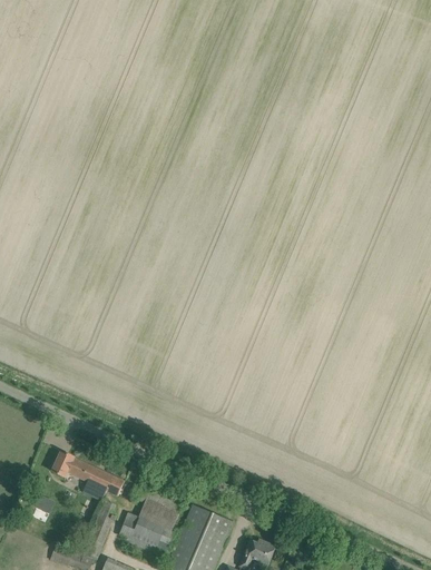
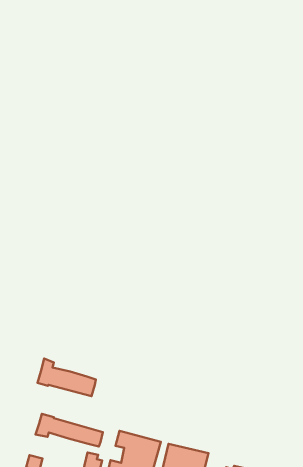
building: none -> [38,359,96,396]

